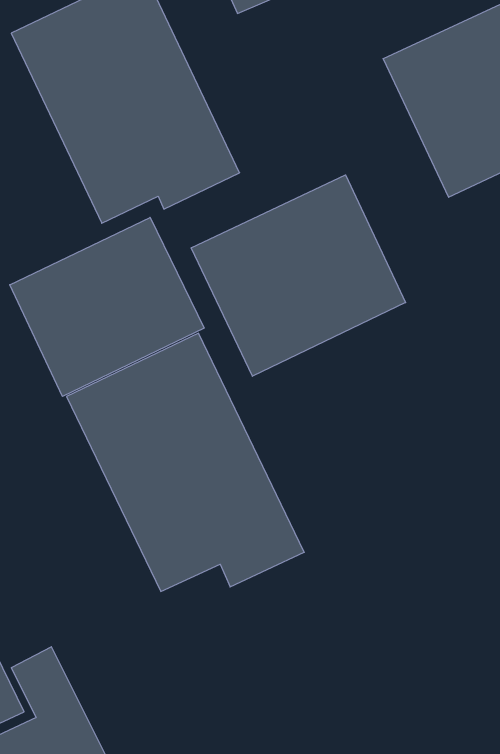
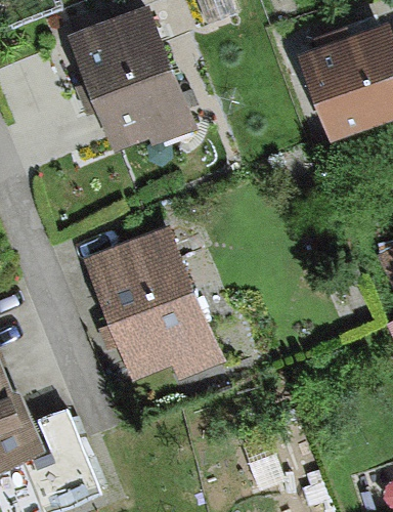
building: [191,175,406,376] -> none
building: [10,217,204,396] -> none

